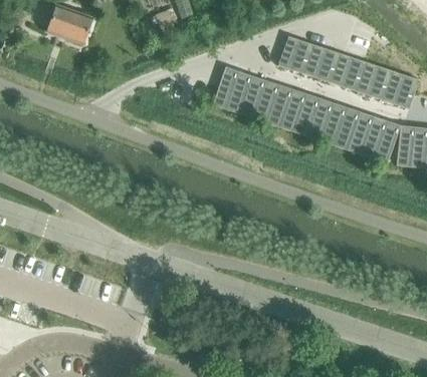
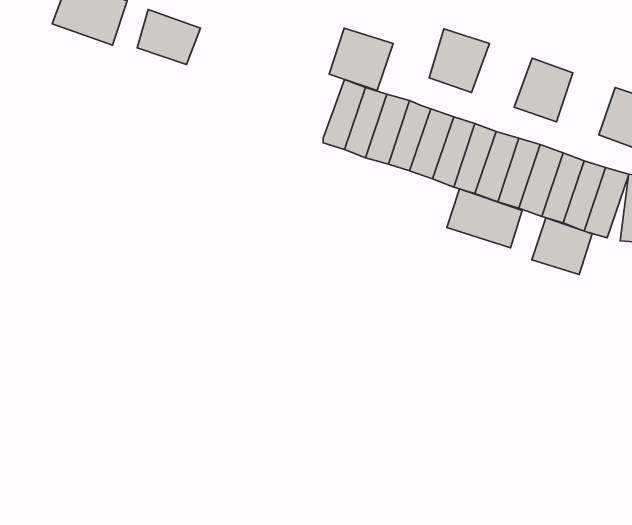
building: none -> [137,10,200,64]
building: none -> [329,28,393,91]
building: [304,44,342,83] -> none
building: [357,62,393,100] -> none
building: none -> [447,189,522,248]
building: none -> [532,218,592,274]

